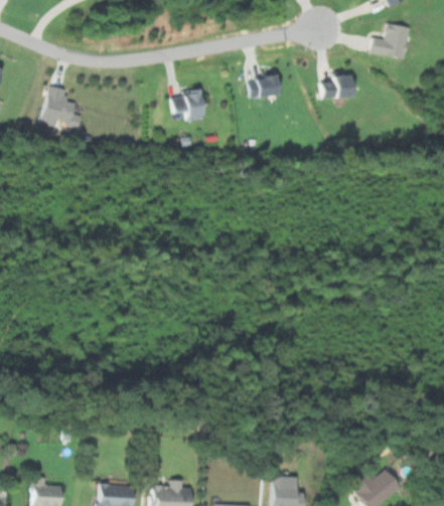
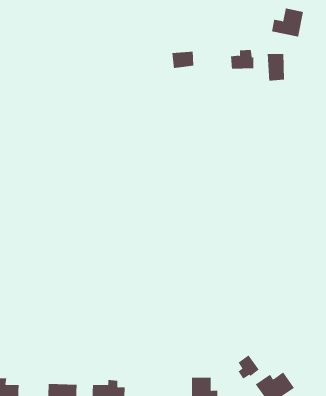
building: none -> [267,53,285,81]
building: [42,86,82,128] -> none
building: [169,91,201,122] -> none
building: none -> [238,355,260,380]

